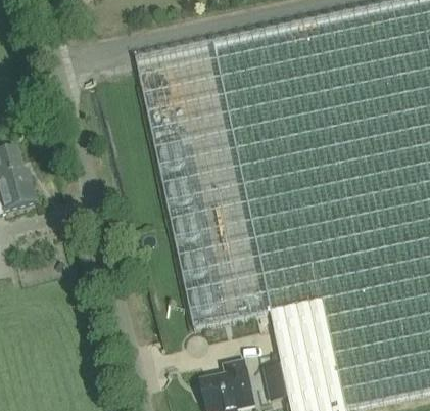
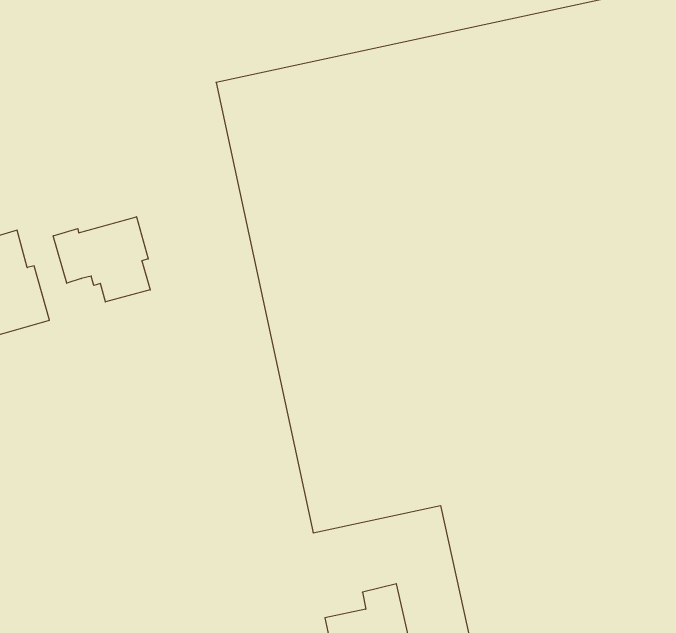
building: none -> [53,217,150,302]

